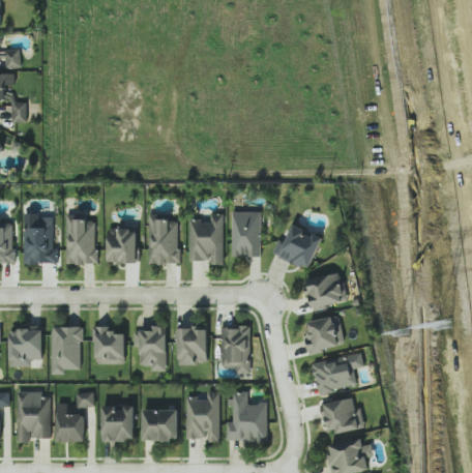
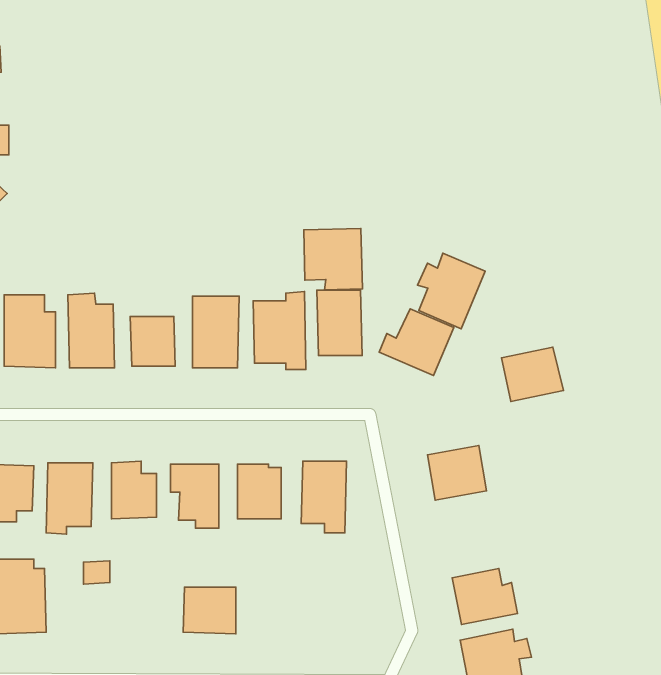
building: none -> [304,229,363,290]
building: none -> [417,253,485,329]
building: [305,272,347,308] -> [501,347,564,402]
building: [312,353,363,393] -> none
building: [185,391,219,441] -> none
building: [226,392,267,442] -> none
building: [56,404,84,442] -> none
building: [101,406,134,441] -> none

